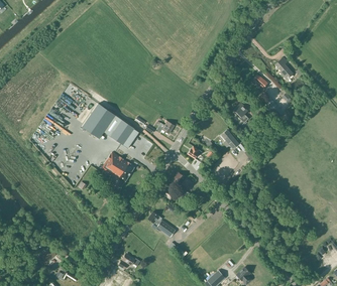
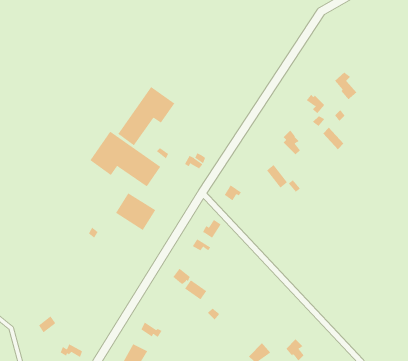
building: none -> [117,86,175,146]

